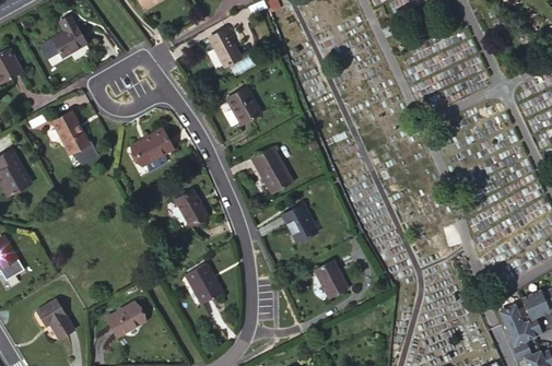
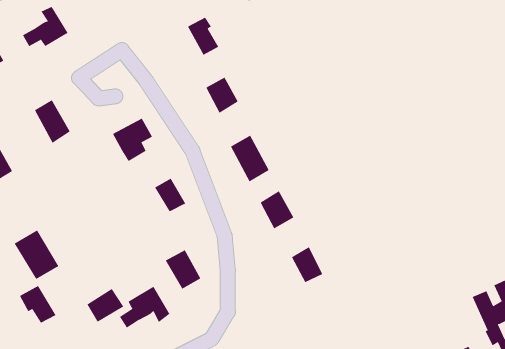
building: none -> [14,230,59,280]
building: none -> [119,286,170,328]

